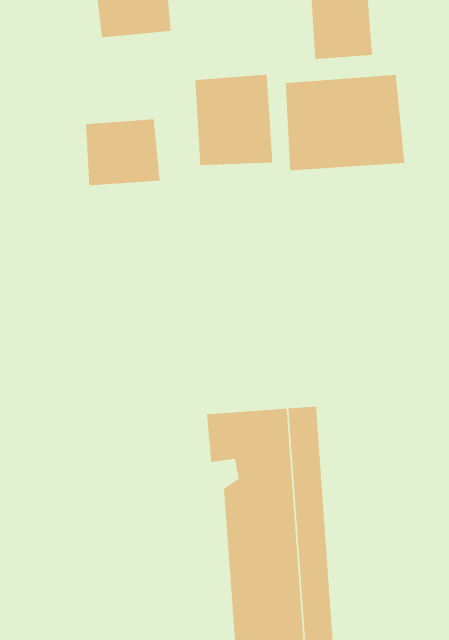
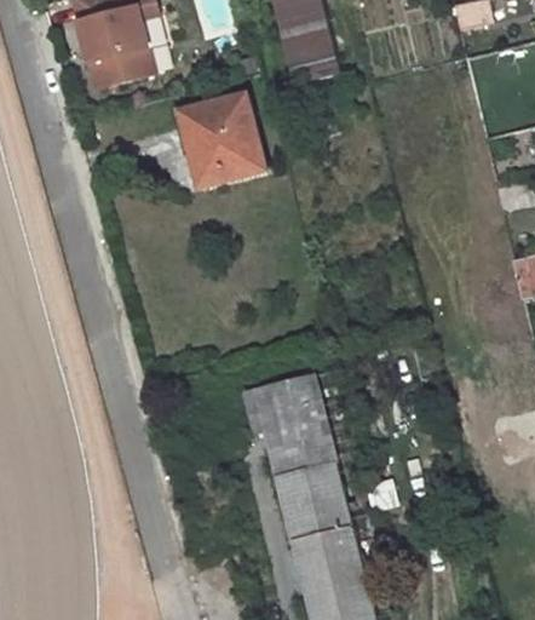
building: [285,74,405,171] -> none
building: [85,118,160,186] -> none

